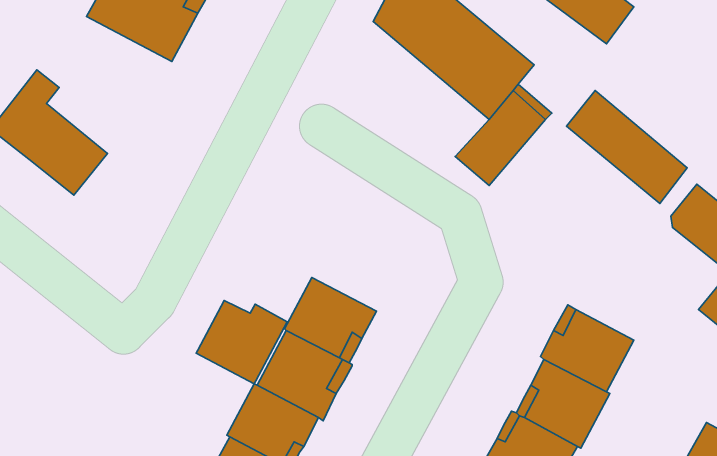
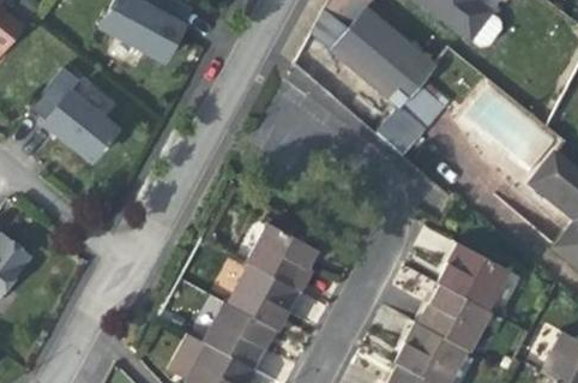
building: [196,300,287,384] -> none

